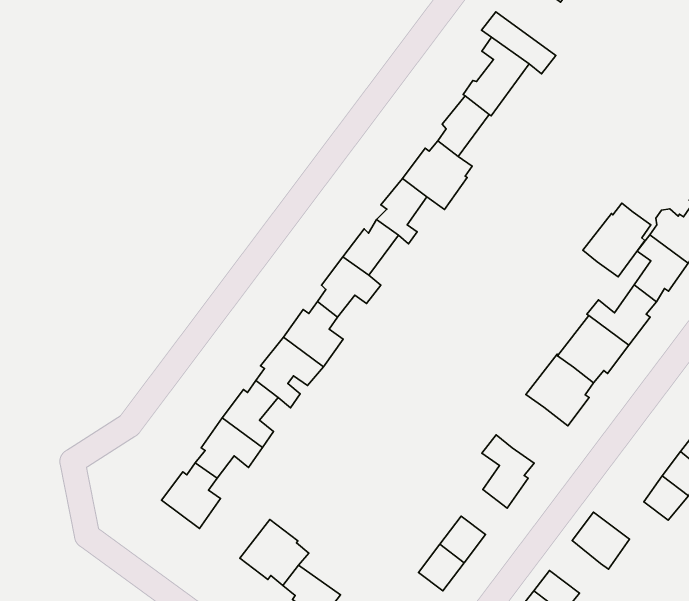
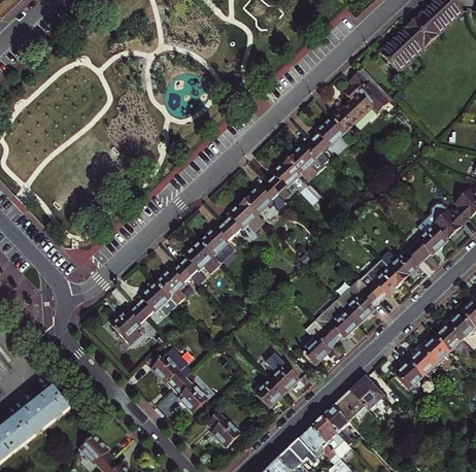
building: [583,203,651,277] -> none
building: none -> [314,300,358,341]
building: none -> [332,391,363,423]

